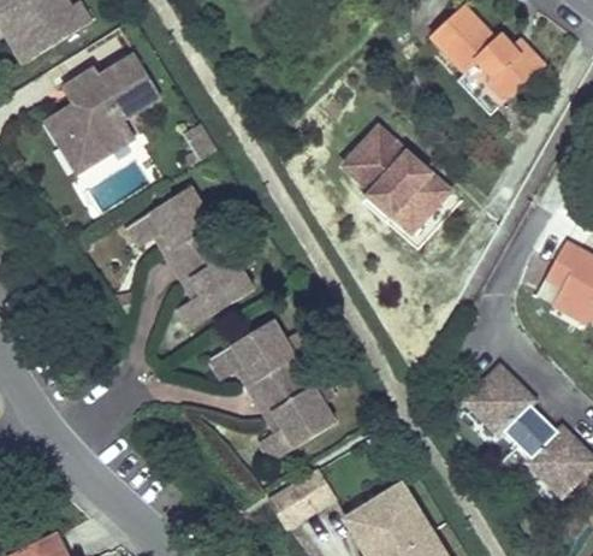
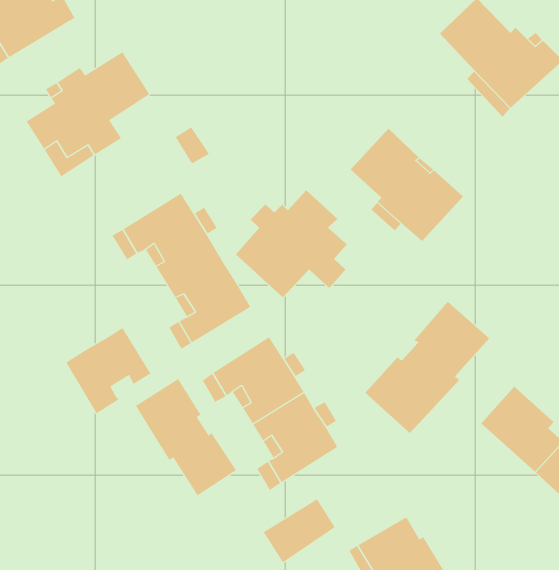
building: none -> [235,190,348,298]
building: none -> [365,301,490,434]
building: none -> [65,327,151,414]
building: none -> [135,378,237,496]

